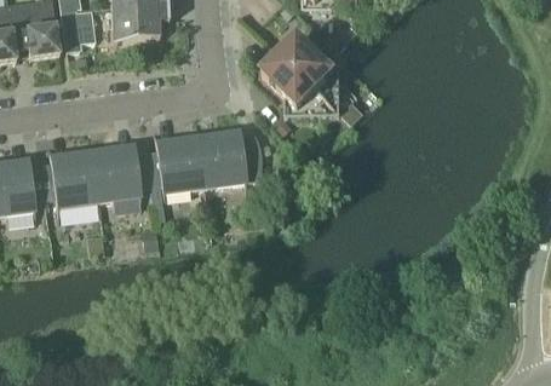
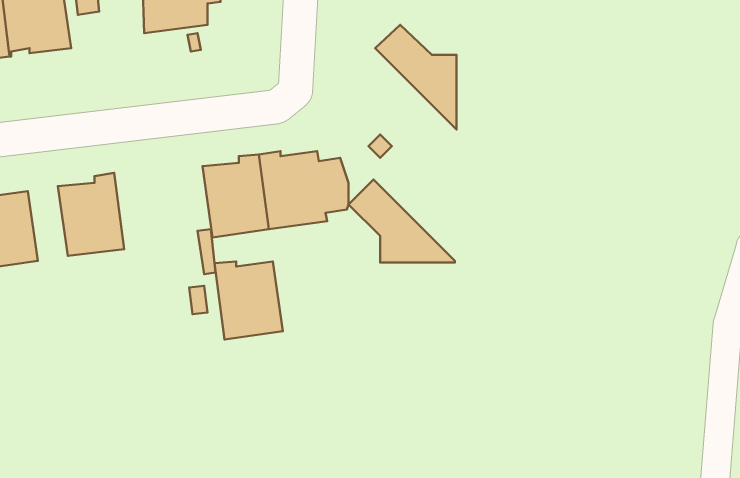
building: [263,54,340,115] -> [349,179,455,263]
building: [91,144,140,201] -> [215,262,283,340]

